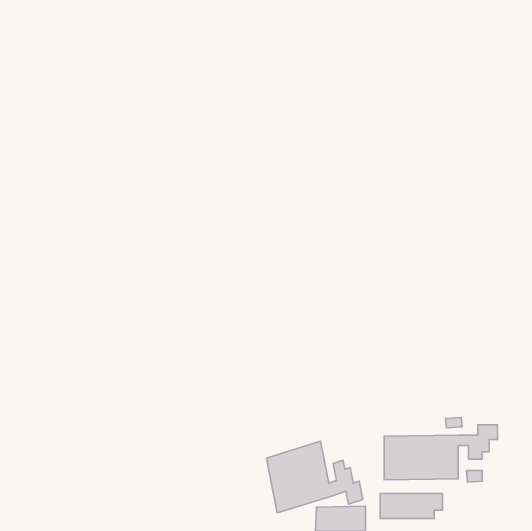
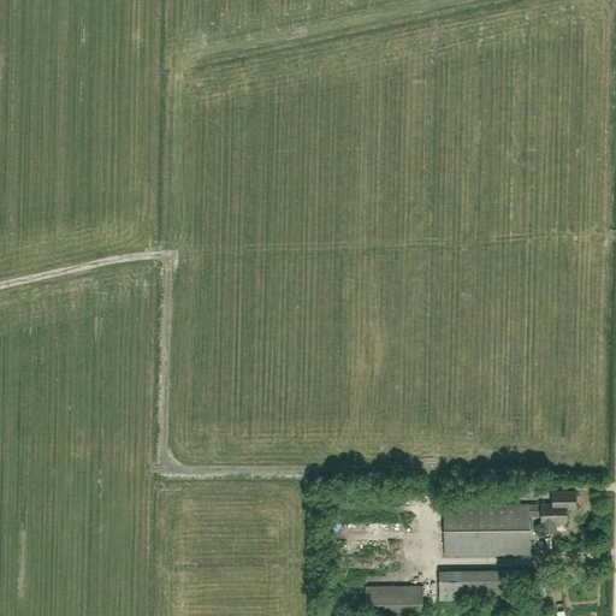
building: [266,441,363,513] -> none

